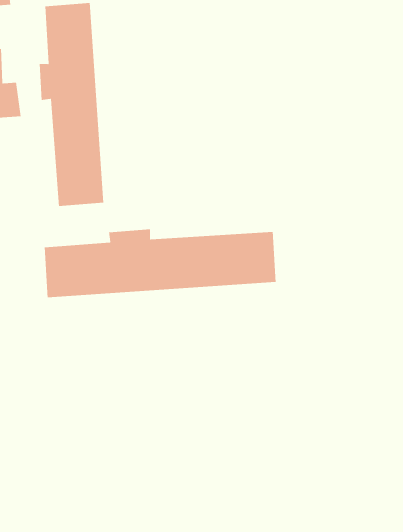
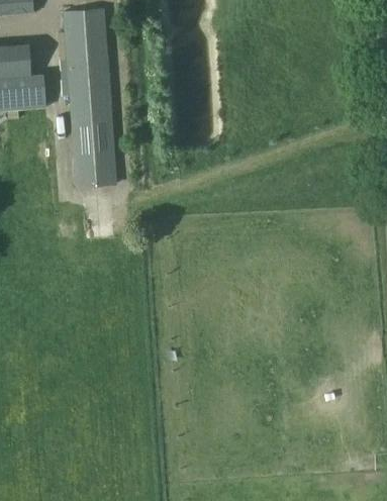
building: [44,229,276,298] -> none

